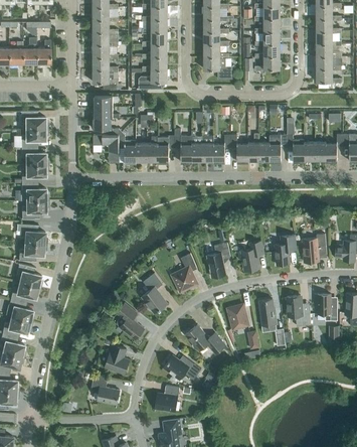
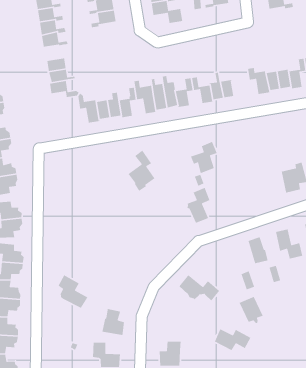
building: [139,68,168,88] -> none
building: [94,134,119,162] -> none
building: [270,134,287,161] -> none
building: [275,234,297,264] -> none
building: [237,240,264,270] -> [190,141,218,174]
building: [172,253,198,293] -> [128,149,156,192]
building: [142,272,167,312] -> none
building: [117,302,145,338] -> [57,274,89,309]
building: [227,303,249,330] -> [239,296,264,324]
building: [164,354,201,379] -> [214,328,252,351]

